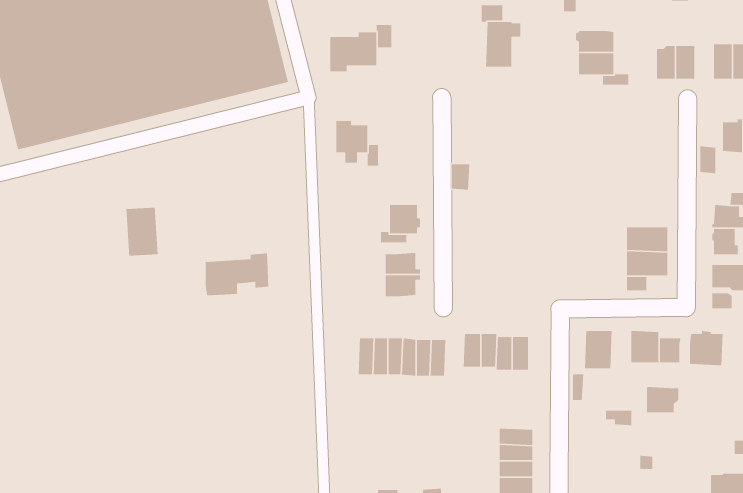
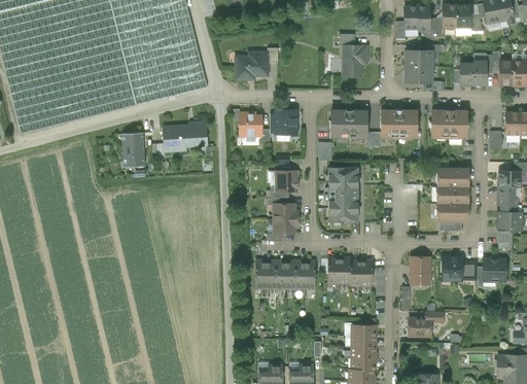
building: none -> [329,109,366,136]
building: none -> [380,109,417,136]
building: none -> [275,110,296,139]
building: none -> [429,110,468,137]
building: none -> [327,167,358,220]
building: none -> [438,168,468,185]
building: [125,207,158,256] -> [121,132,144,166]
building: [205,253,269,296] -> [163,120,207,150]
building: [646,386,679,413] -> [408,317,430,336]

